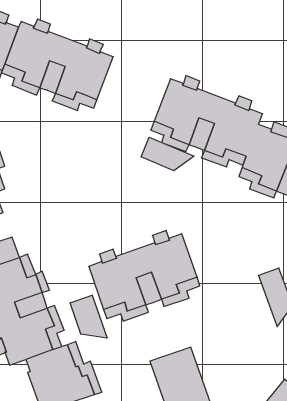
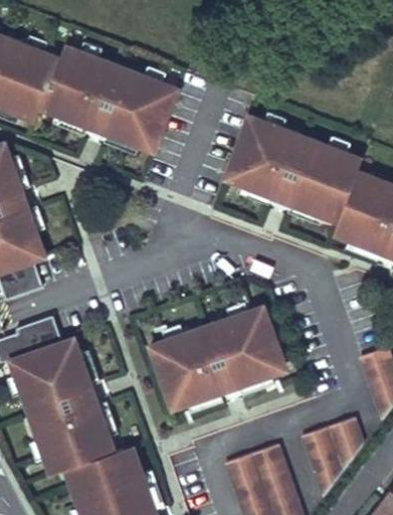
building: [141,137,194,171] -> none
building: [70,295,107,338] -> none
building: none -> [300,420,360,499]

